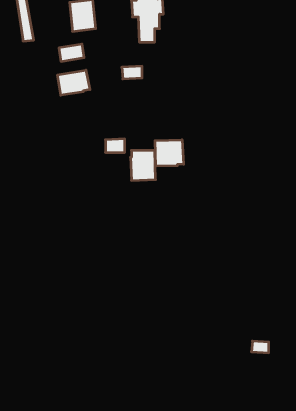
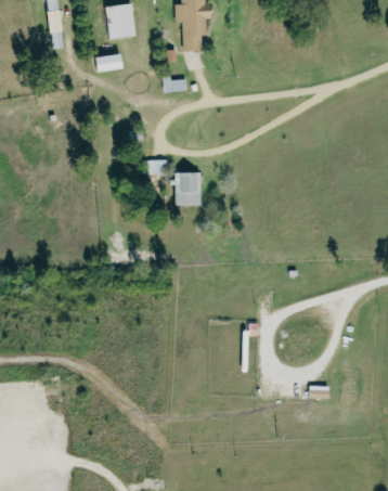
building: [58,70,90,95] -> none
building: [155,140,184,166] -> none

